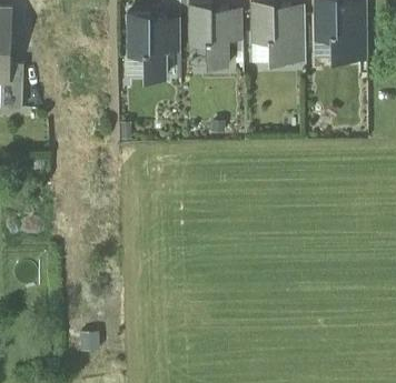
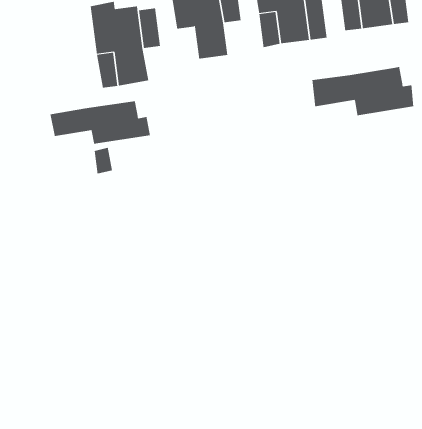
building: none -> [50,100,151,145]
building: none -> [312,66,414,116]

